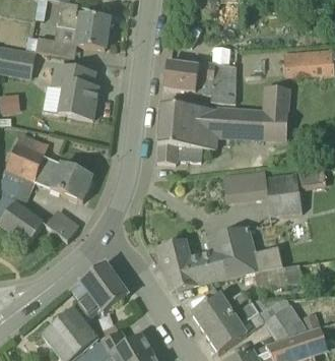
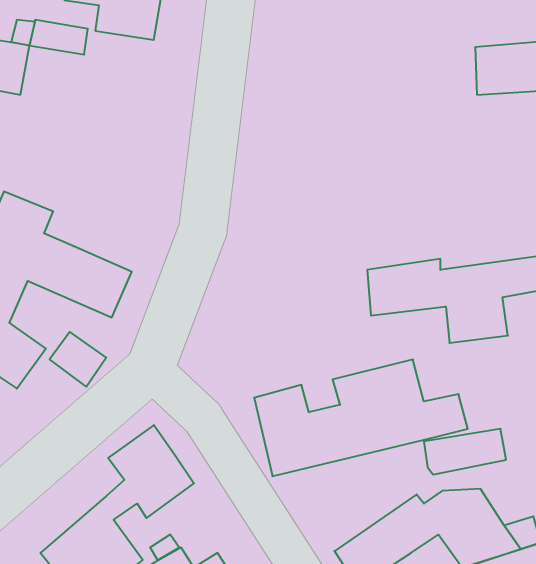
building: [163,58,237,103] -> none
building: [52,65,98,119] -> none
building: [156,89,291,164] -> none
building: [191,290,251,333] -> none

